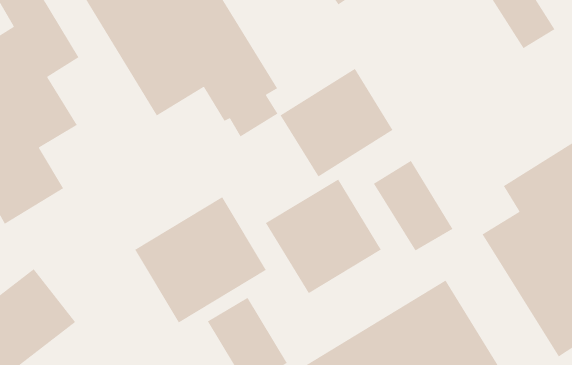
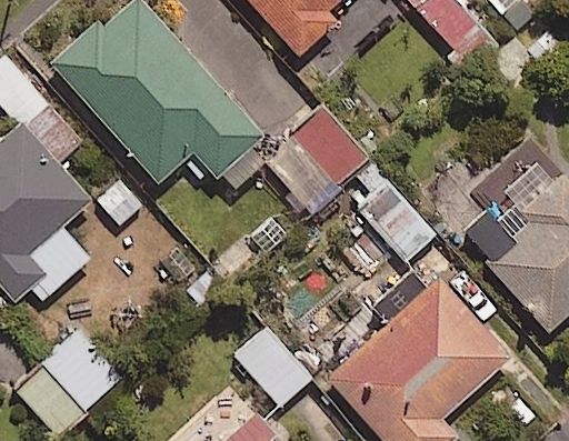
building: [265,178,382,294] -> none
building: [134,196,267,324] -> none

